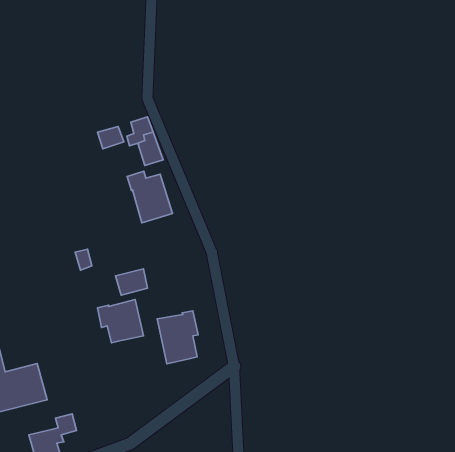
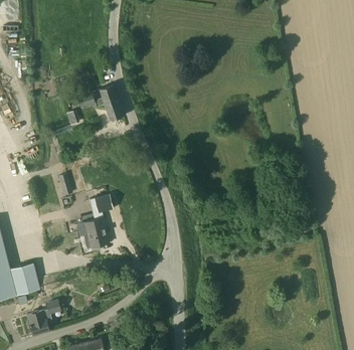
building: [127,171,173,223] -> none
building: [157,311,198,364] -> none

